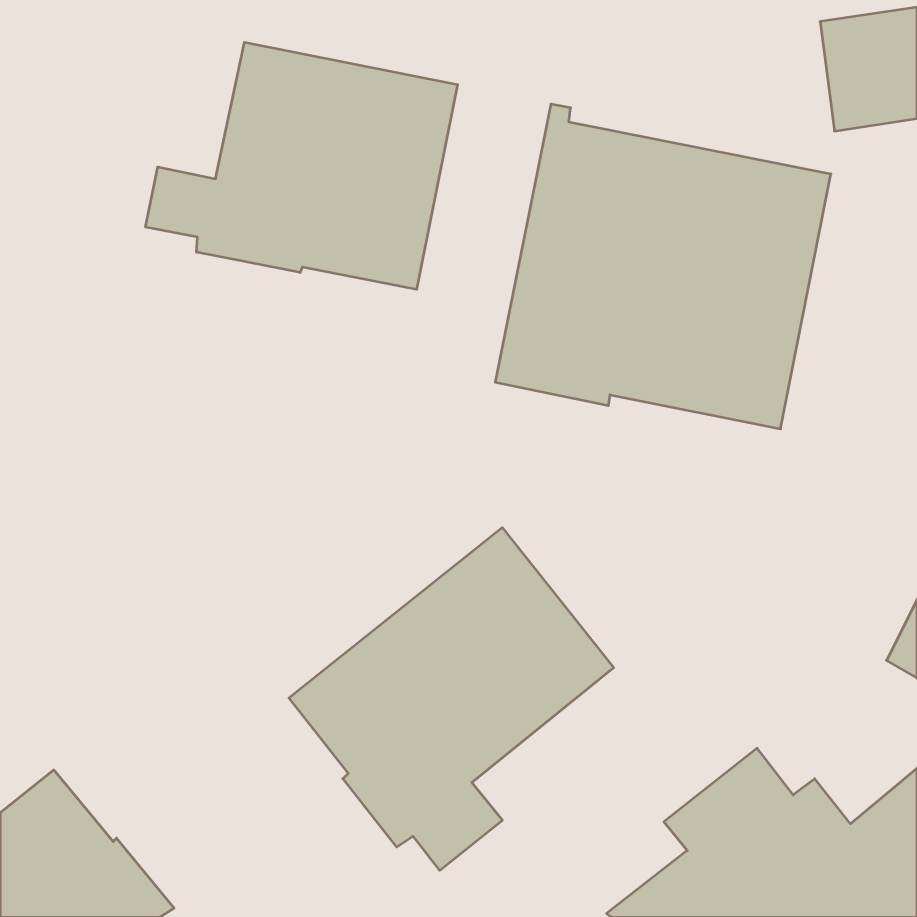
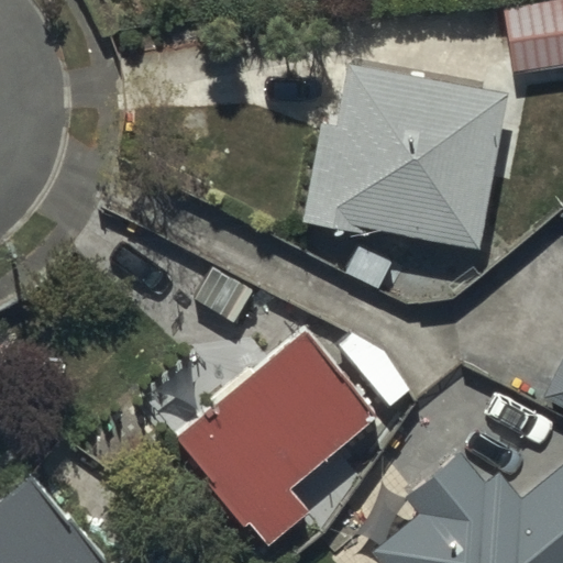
building: [146,42,458,289] -> none

